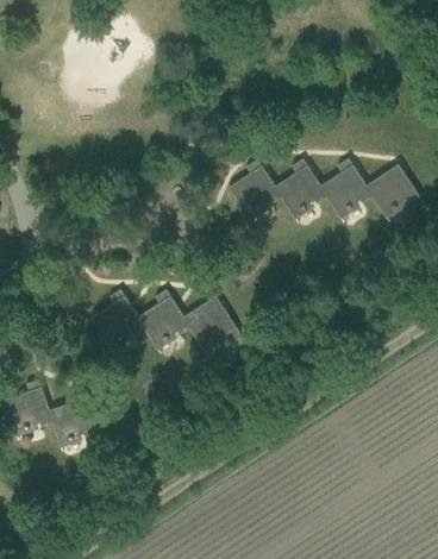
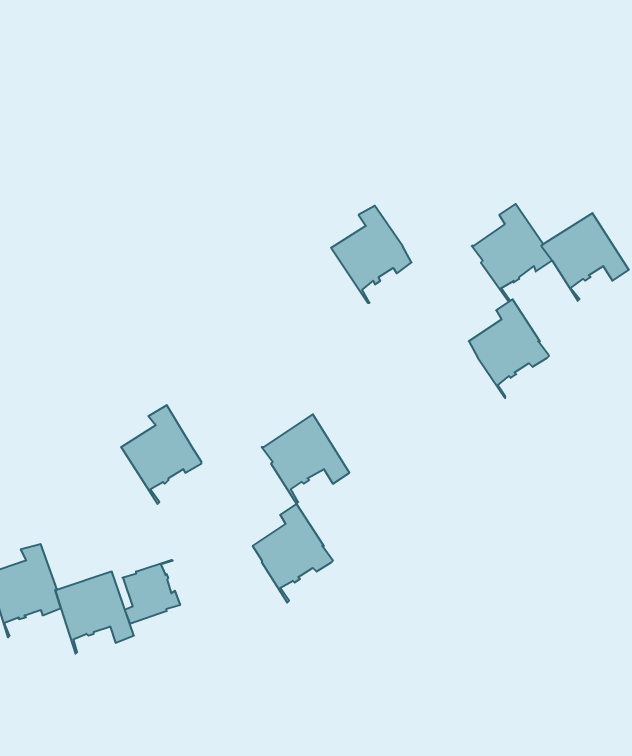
building: [275,161,327,225] -> [469,299,549,398]
building: [138,291,190,356] -> [253,504,333,603]
building: none -> [122,560,180,624]

